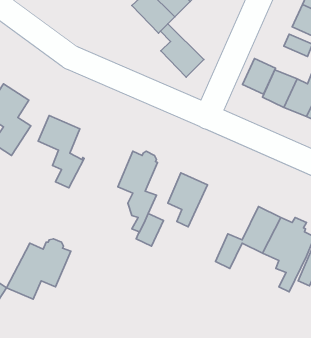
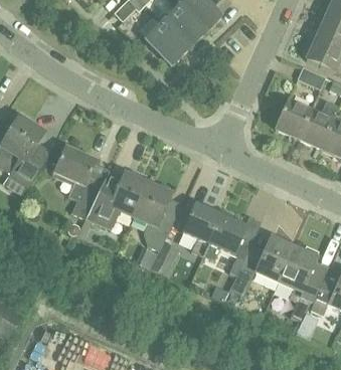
building: [160,24,204,77] -> none
building: [242,58,276,94] -> none
building: none -> [202,214,251,260]
building: [6,239,71,299] -> [84,169,148,228]

